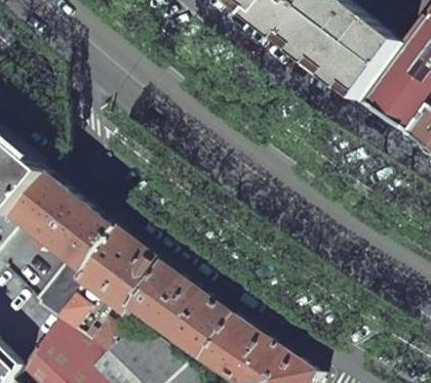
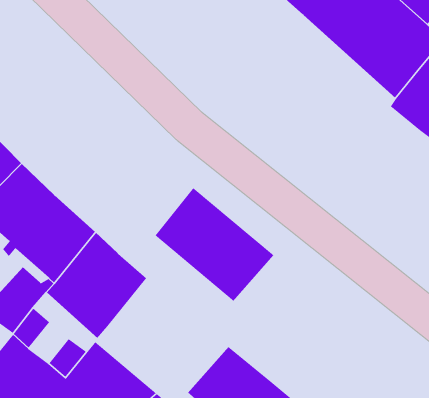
building: [135,264,238,358] -> [154,187,275,302]

